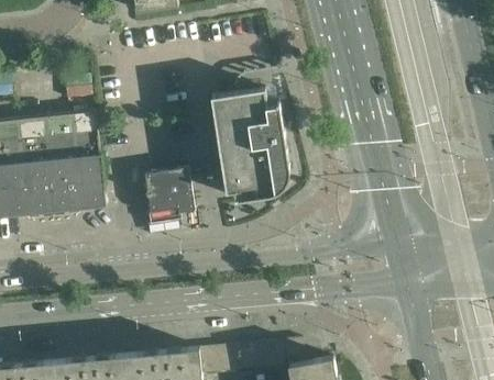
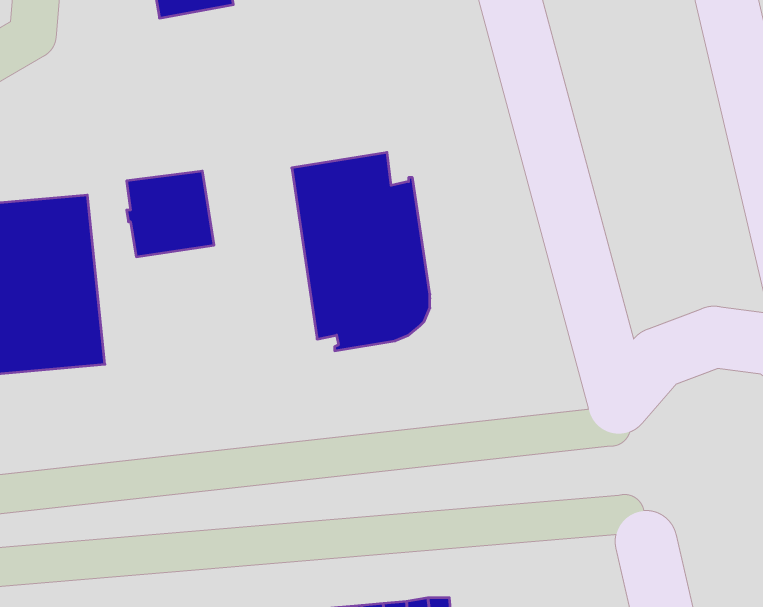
building: [144,170,194,219] -> [127,171,214,257]

